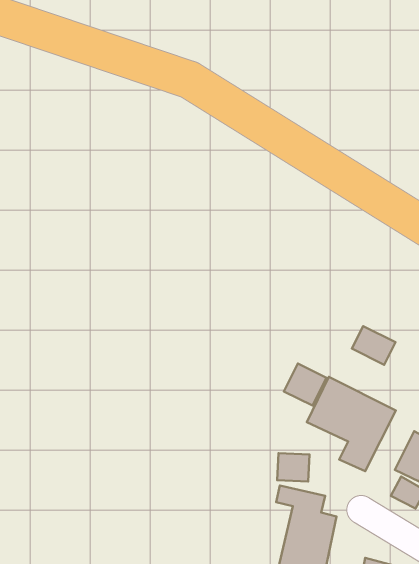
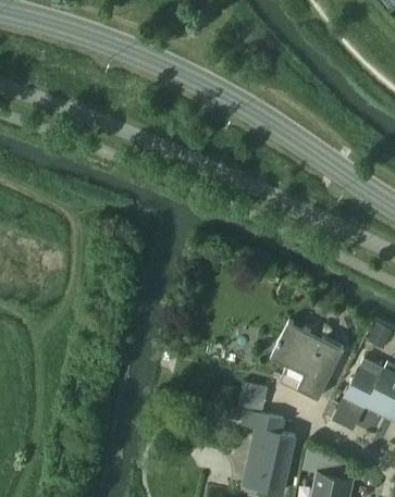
building: [352,326,395,365] -> none
building: [284,364,327,406] -> none

